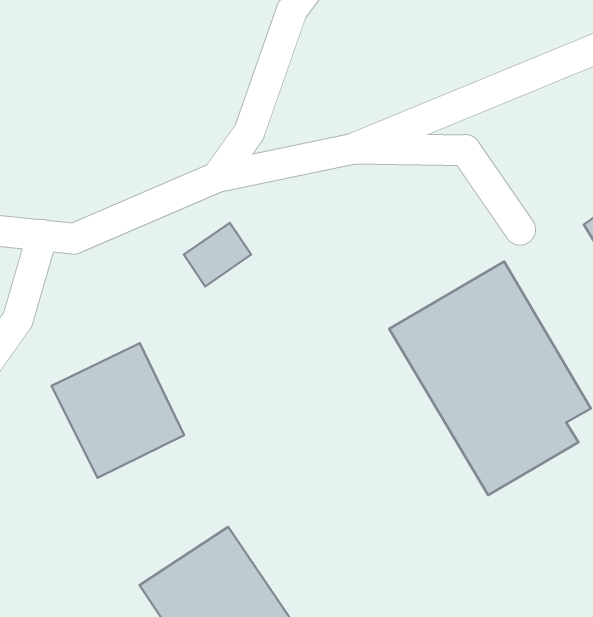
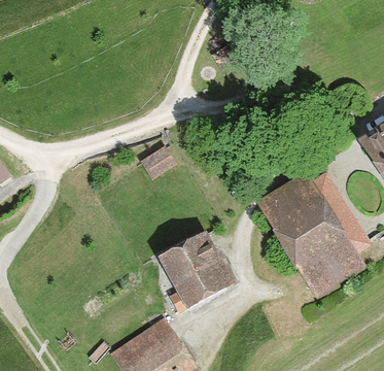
building: [51,343,184,478] -> [159,231,236,309]

